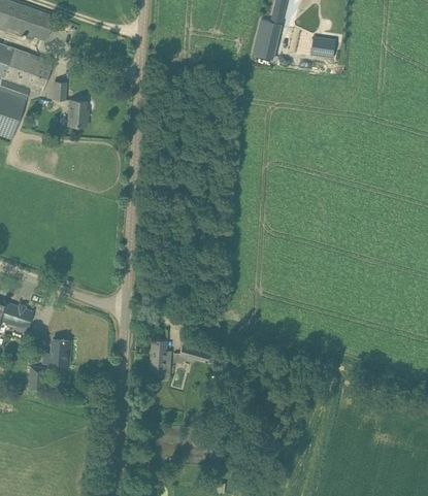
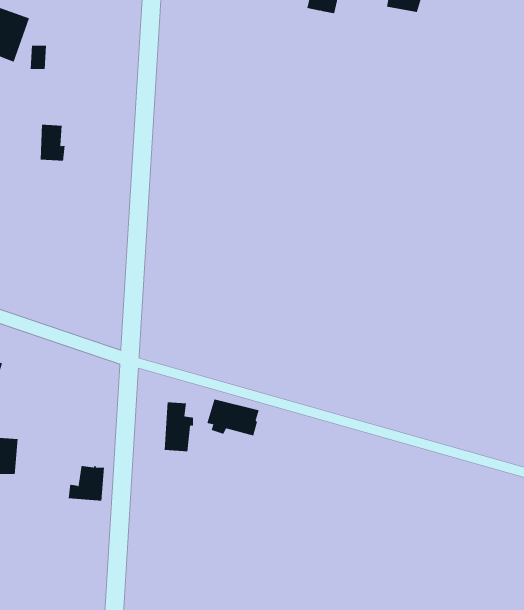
building: [67,99,86,126] -> [40,124,65,161]
building: [42,339,69,365] -> [68,466,105,501]

